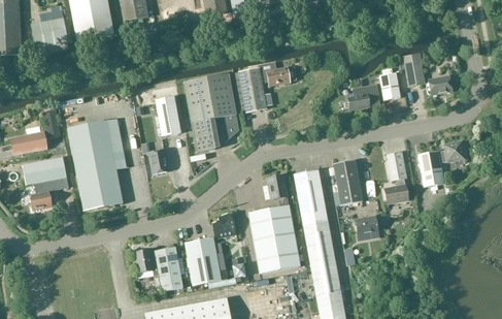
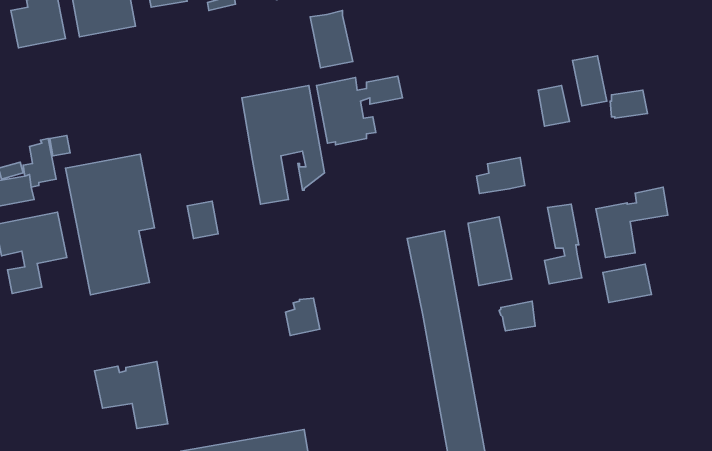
building: none -> [310,11,353,68]
building: [347,85,379,108] -> [476,157,525,193]
building: [155,95,180,135] -> none
building: [247,173,300,273] -> none
building: none -> [603,264,651,303]
building: [185,236,221,285] -> none
building: [134,246,182,290] -> [95,361,168,429]

